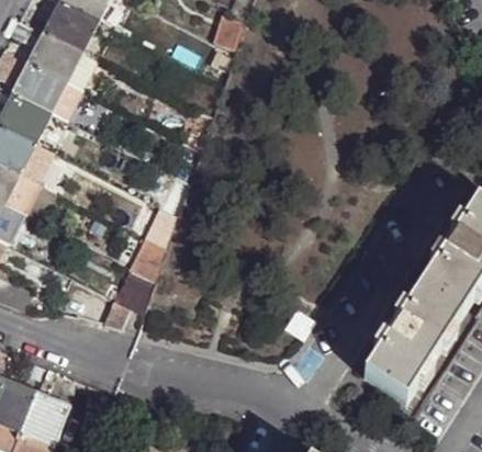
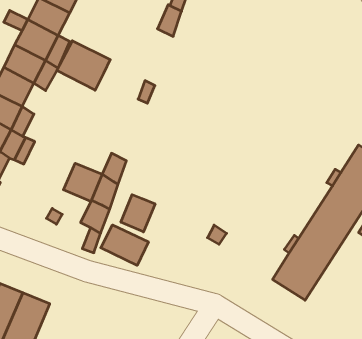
building: none -> [57,41,110,90]
building: none -> [63,163,102,201]
building: none -> [121,195,155,232]
building: none -> [101,225,148,265]

